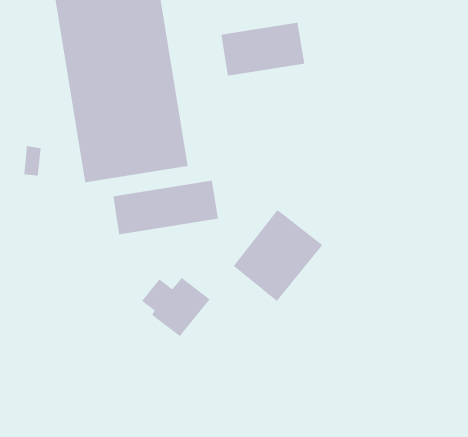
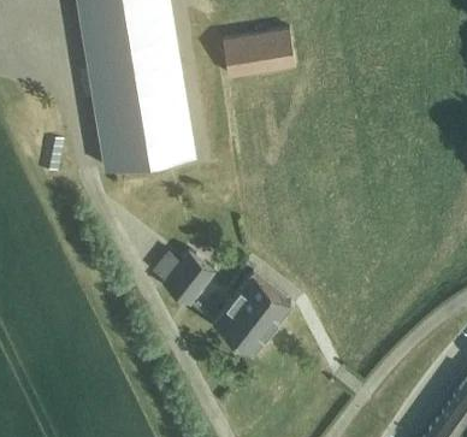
building: [113,180,218,235] -> none
building: [233,209,323,302] -> [213,276,291,356]

